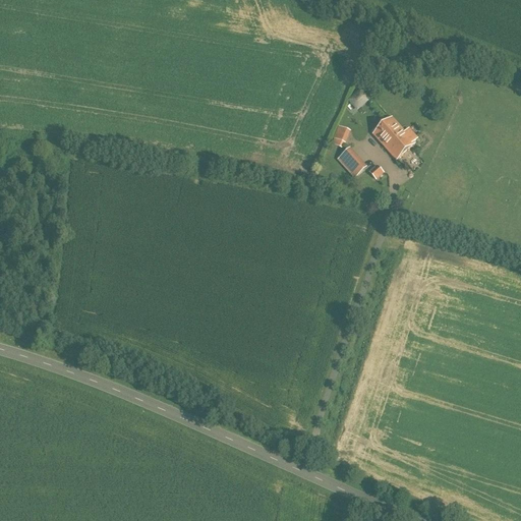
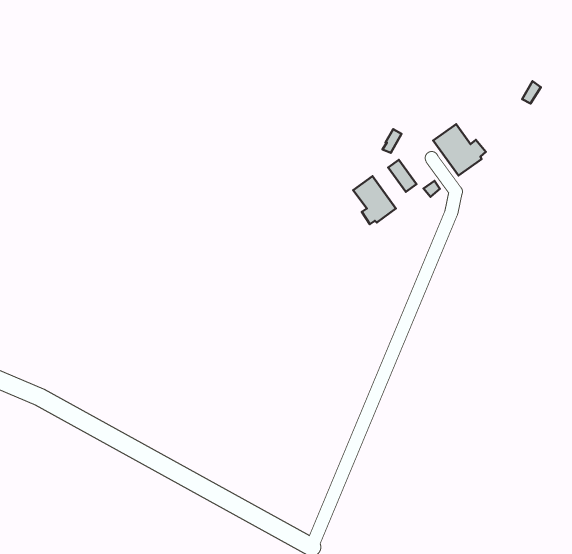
building: none -> [353,176,396,224]

